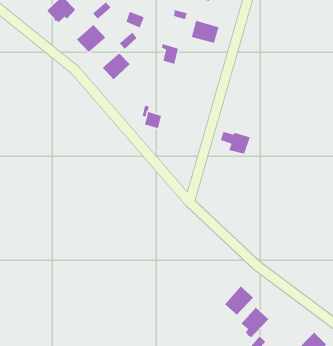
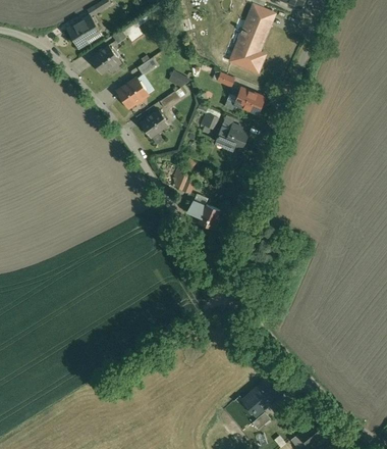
building: none -> [216,124,247,151]
building: [220,131,251,155] -> [188,203,220,230]
building: [224,286,254,315] -> none

